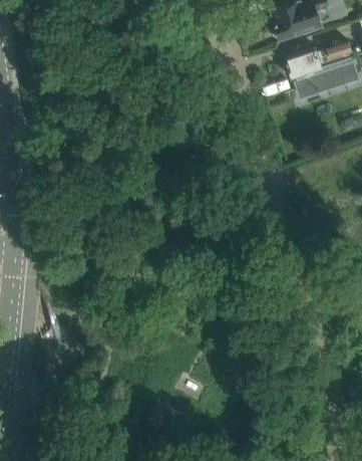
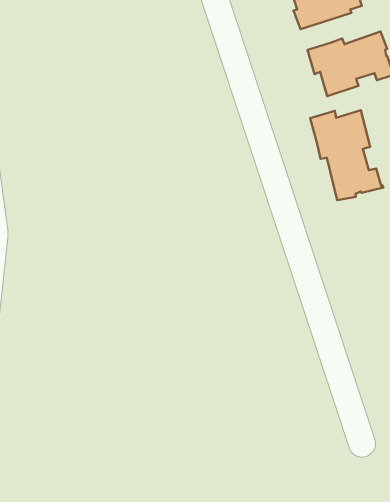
building: none -> [310,110,383,200]

